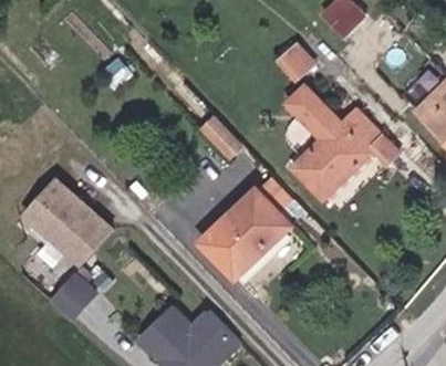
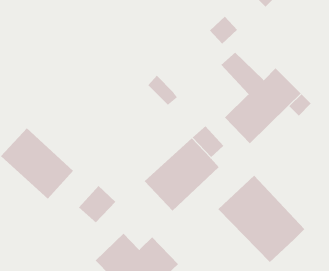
building: none -> [218,175,305,263]
building: [50,272,95,317] -> [78,185,116,223]

